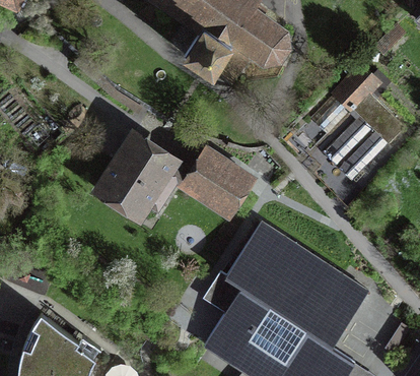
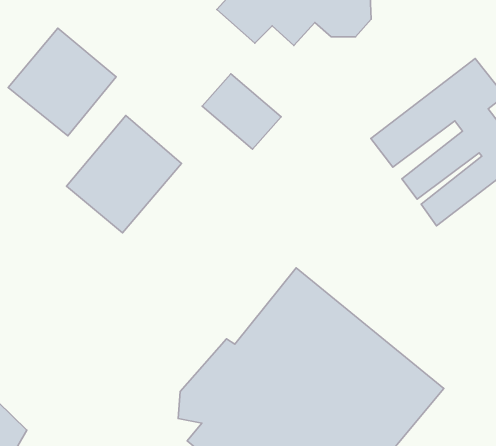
building: none -> [8,28,116,136]
building: [191,158,244,206] -> [202,74,281,149]

